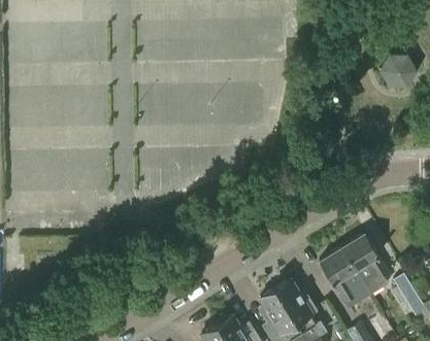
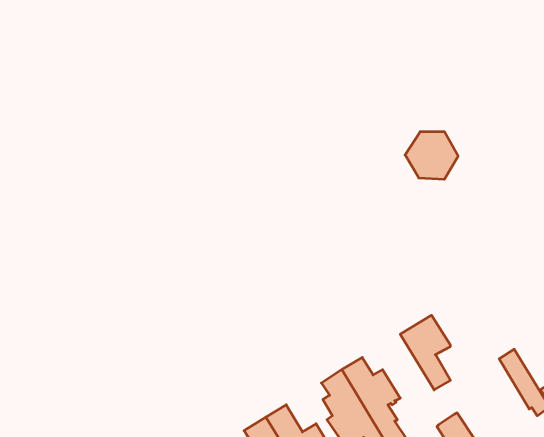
building: [376,52,417,88] -> [405,132,458,179]
building: [341,231,392,296] -> none

